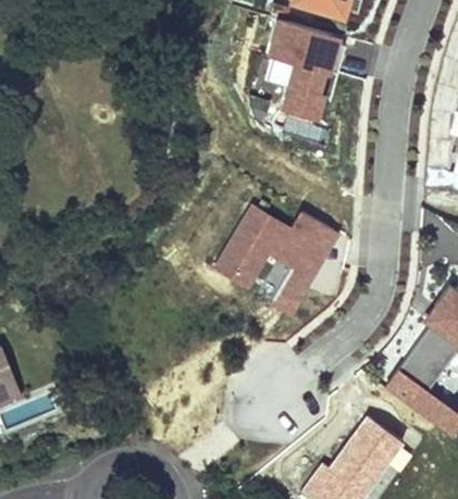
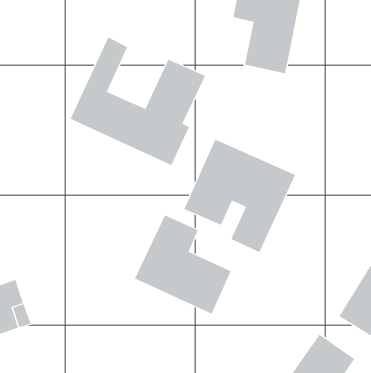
building: none -> [70,37,206,166]
building: none -> [134,214,232,315]

